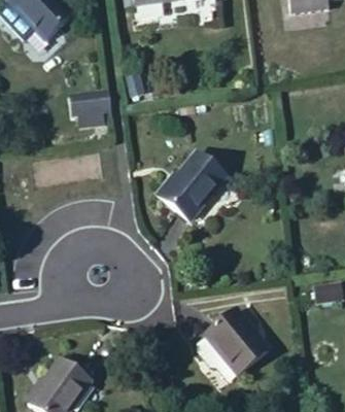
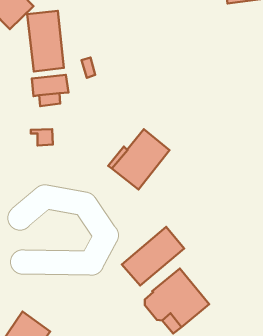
building: none -> [27,11,64,72]
building: none -> [122,227,184,285]

